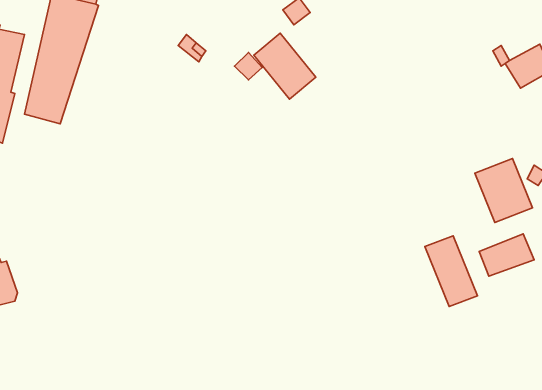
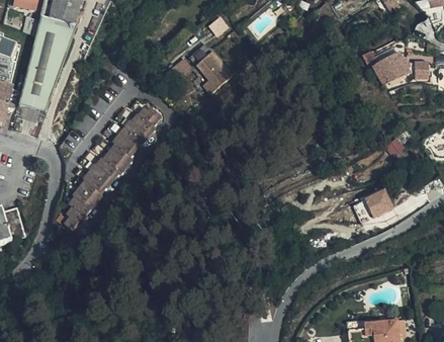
building: none -> [65,99,160,228]
building: [475,159,532,222] -> none
building: [425,236,477,307] -> none

